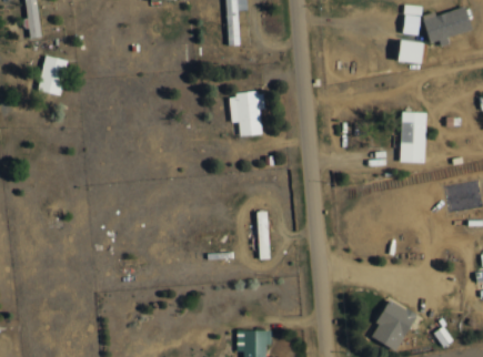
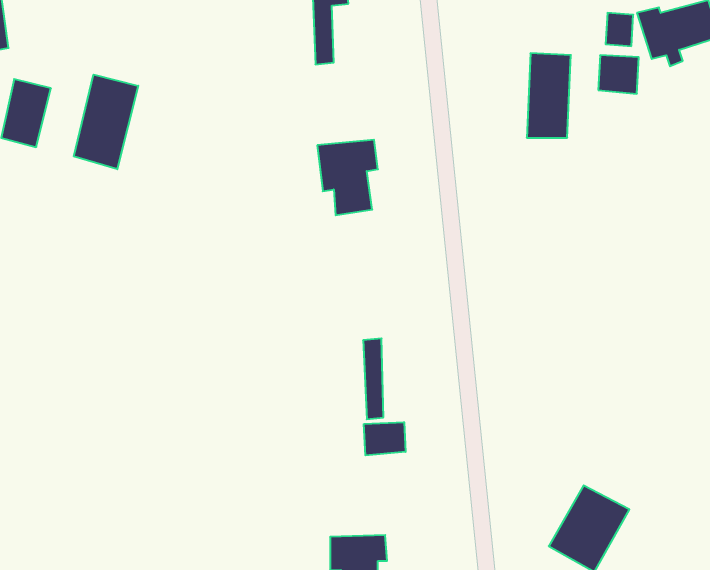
building: none -> [74,75,138,169]
building: [400,111,426,162] -> [527,53,571,138]
building: none -> [364,422,406,455]

